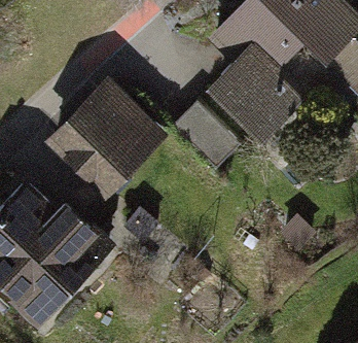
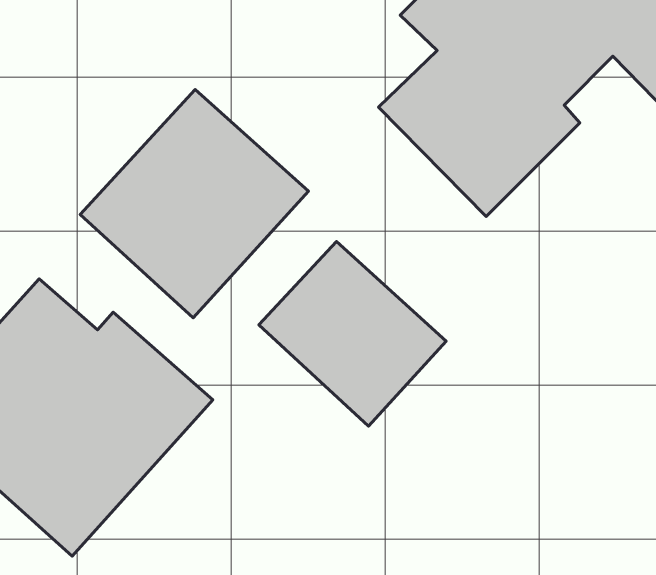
building: none -> [259,242,446,426]

